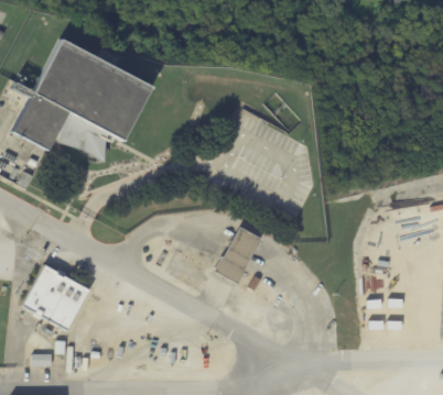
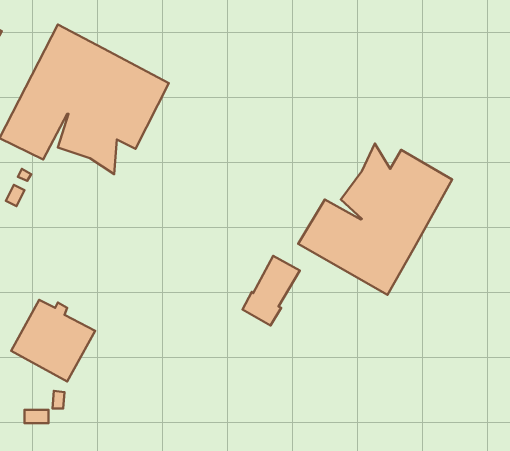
building: none -> [298,144,452,295]

